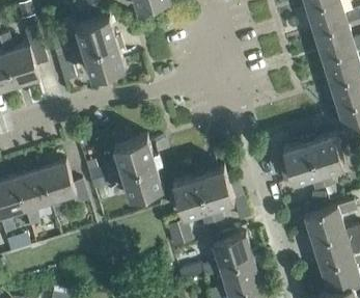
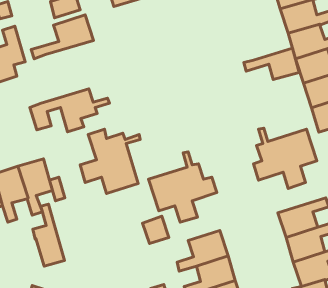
building: [56,42,137,85] -> [30,89,109,132]
building: none -> [244,48,299,80]
building: none -> [33,204,64,266]

